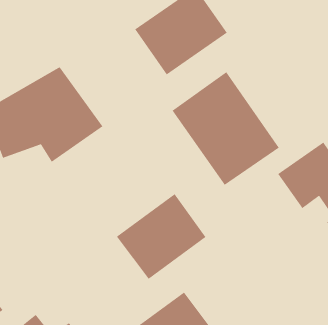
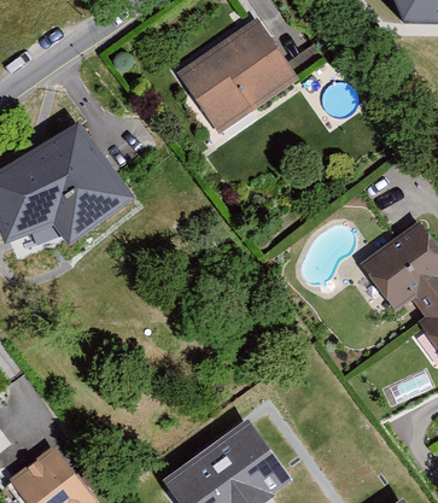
building: [172,71,280,186] -> none
building: [116,193,207,280] -> none

